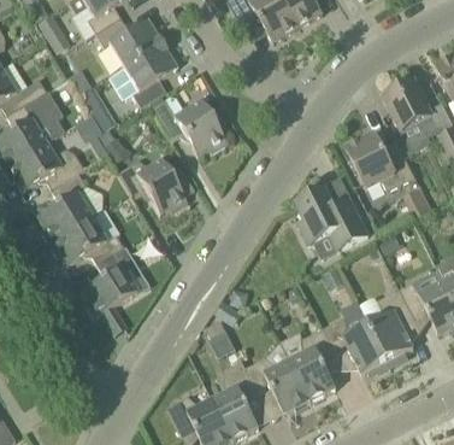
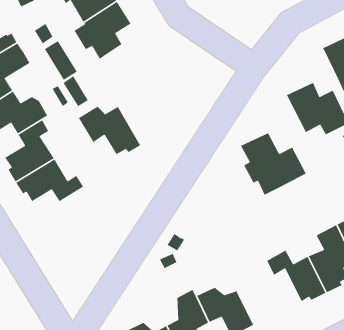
building: [149,94,225,154] -> none
building: [82,247,136,317] -> none
building: [291,328,338,399] -> none

